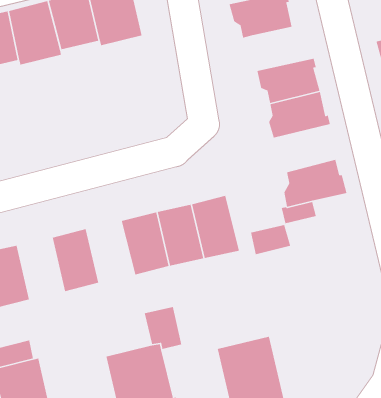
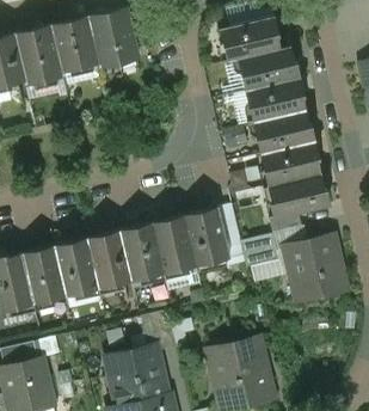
building: none -> [241,48,299,91]
building: none -> [260,141,319,185]
building: none -> [86,231,131,289]
building: none -> [285,235,344,301]
building: none -> [21,246,66,305]

